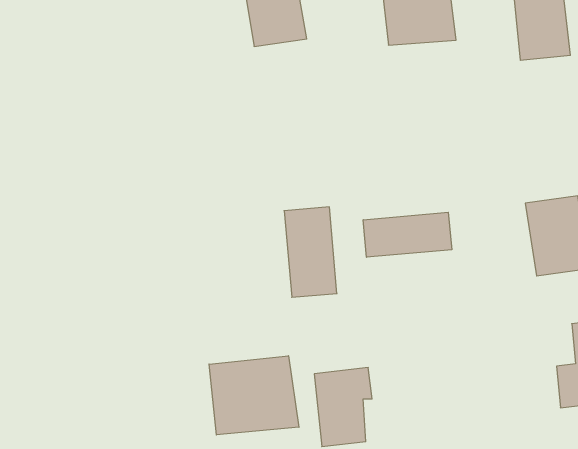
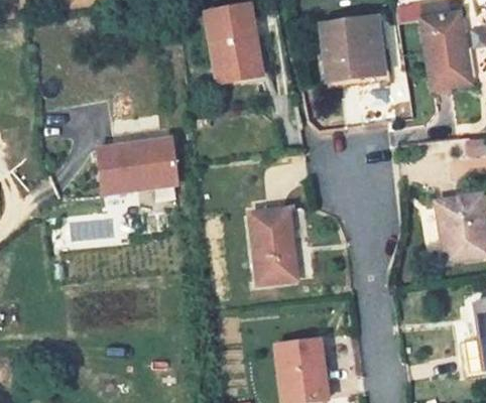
building: none -> [90,137,176,197]
building: [363,212,452,257] -> none
building: [209,356,299,435] -> none

